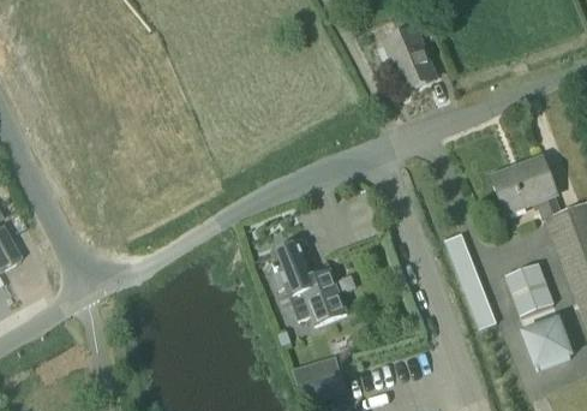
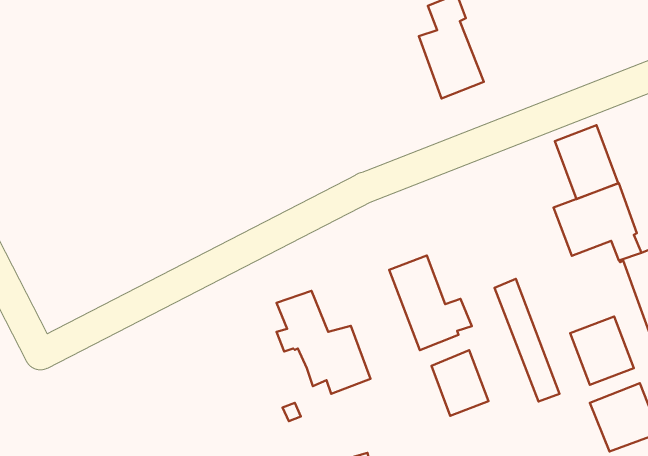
building: none -> [555,125,618,199]
building: none -> [389,255,472,350]
building: none -> [432,350,489,416]

